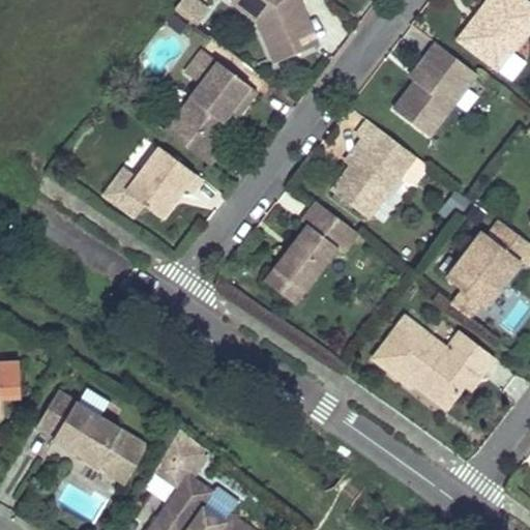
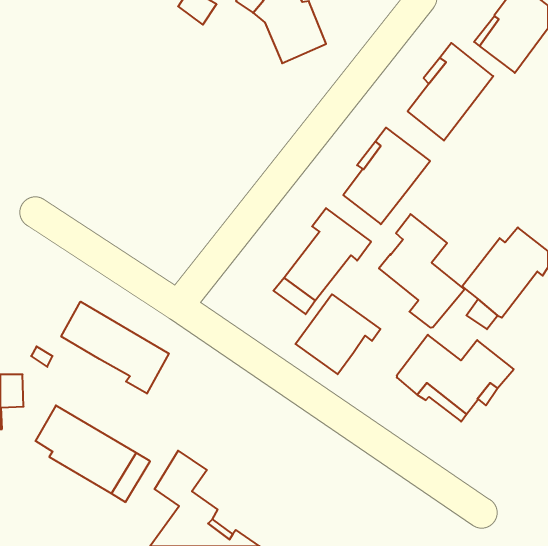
building: [165,49,257,163] -> none
building: [124,145,200,217] -> none
building: none -> [379,214,464,328]
building: none -> [295,294,380,374]
building: none -> [61,302,169,394]

